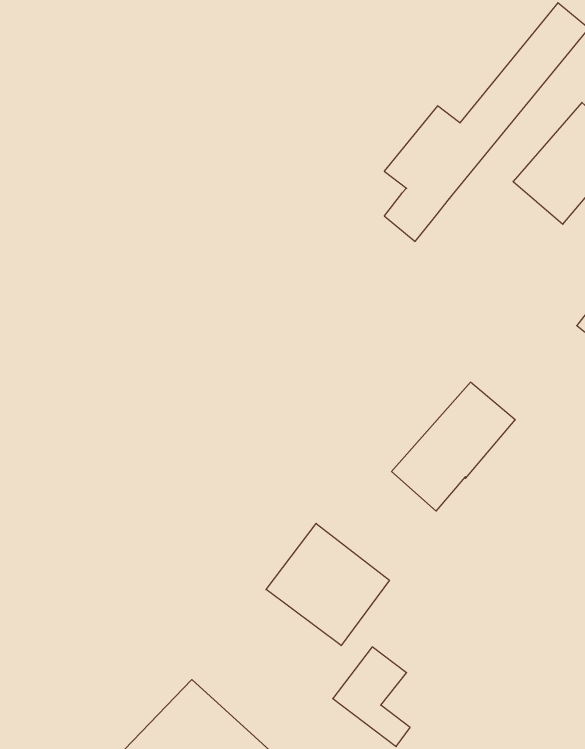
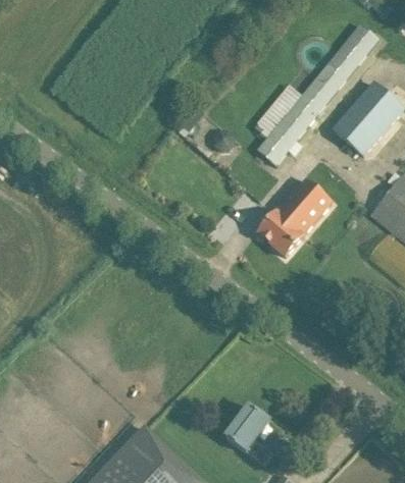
building: [392,382,515,511] -> [260,179,334,256]
building: [266,523,389,646] -> none

